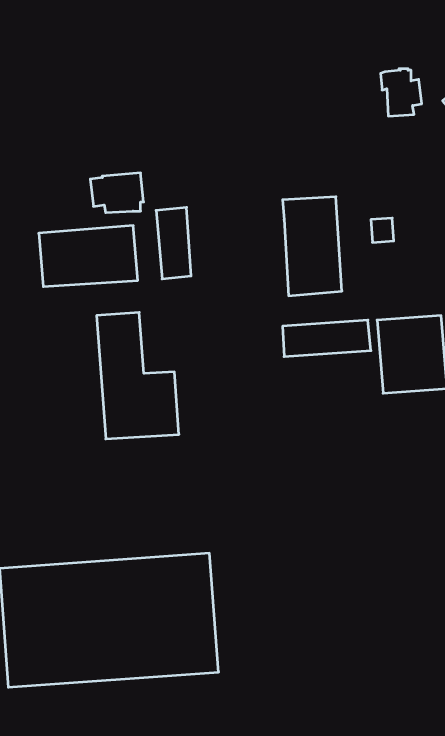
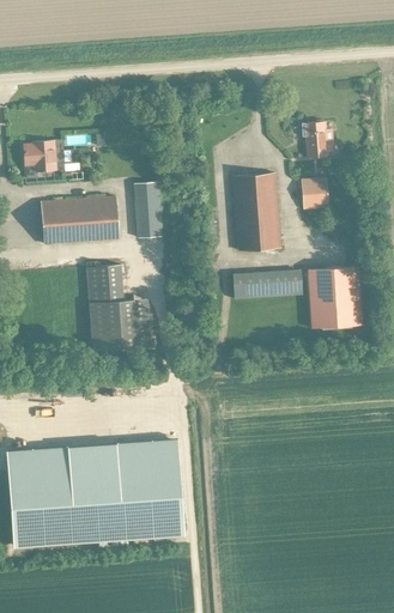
building: [381,69,422,116] -> [301,117,333,154]
building: [90,173,144,213] -> [23,136,65,168]

